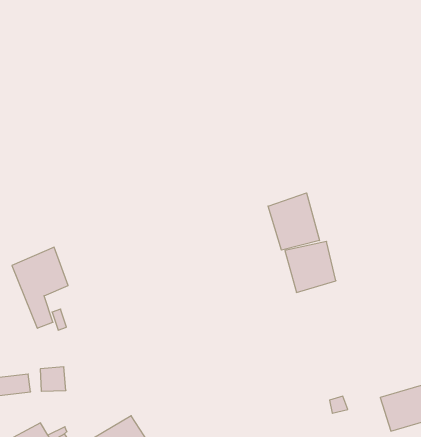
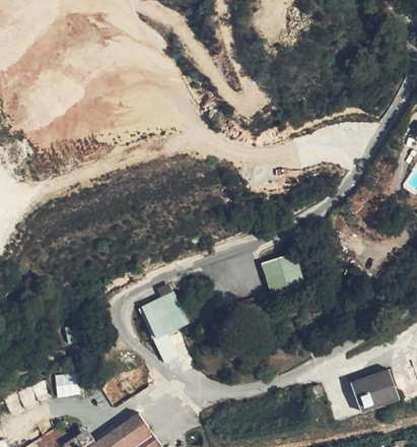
building: [268,193,319,250] -> none
building: [12,247,68,328] -> [139,291,189,362]

